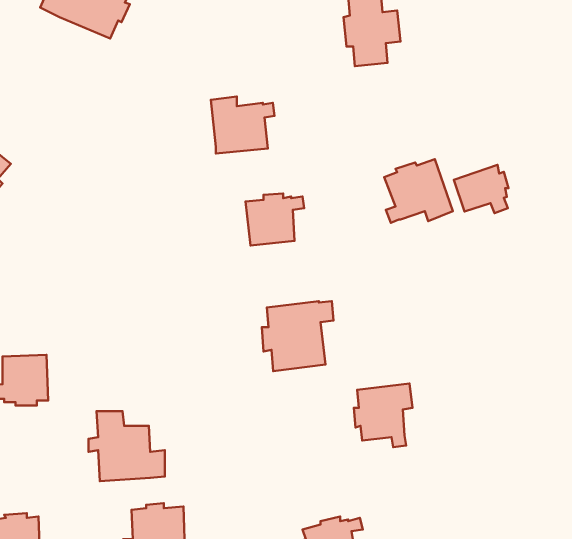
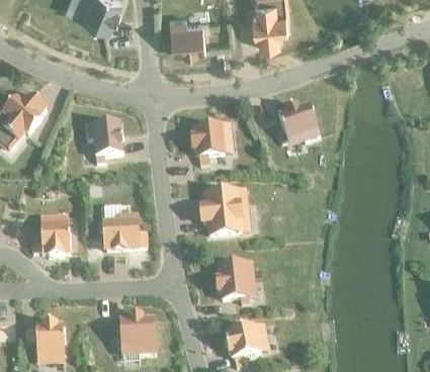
building: [211,96,274,154] -> [169,16,208,52]
building: [454,165,509,213] -> none
building: none -> [85,120,122,156]
building: [354,383,413,447] -> [217,263,253,302]
building: [88,411,165,481] -> [98,205,146,249]

